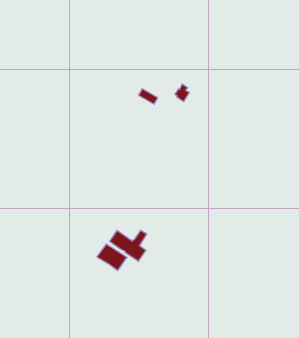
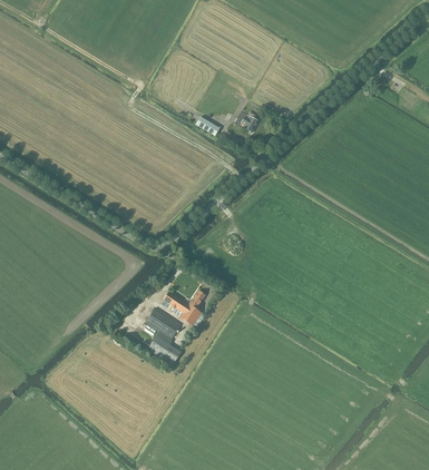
building: none -> [147,331,181,365]

